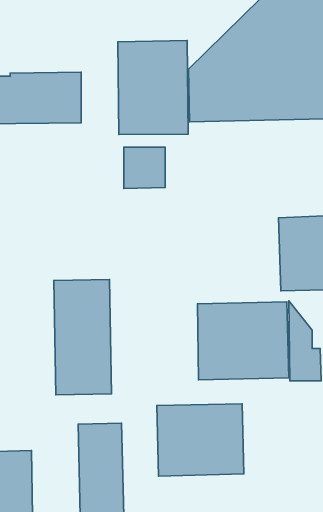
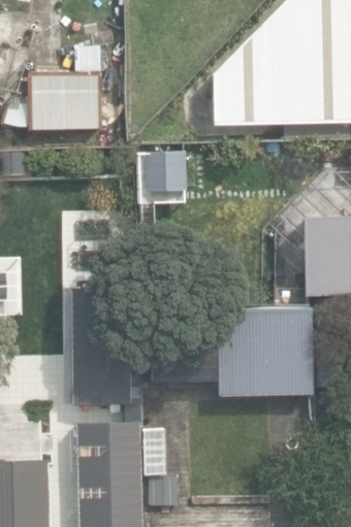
building: [118,40,188,135] -> none
building: [157,404,244,476] -> none

